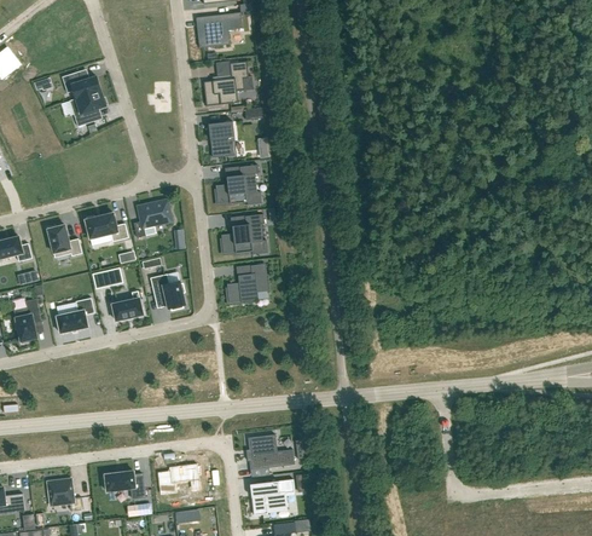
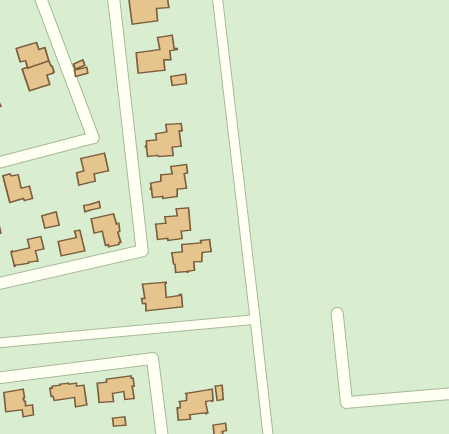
building: [208,121,236,157] -> none
building: [85,213,128,246] -> none
building: none -> [172,240,211,273]
building: [245,434,294,468] -> [142,282,183,311]

